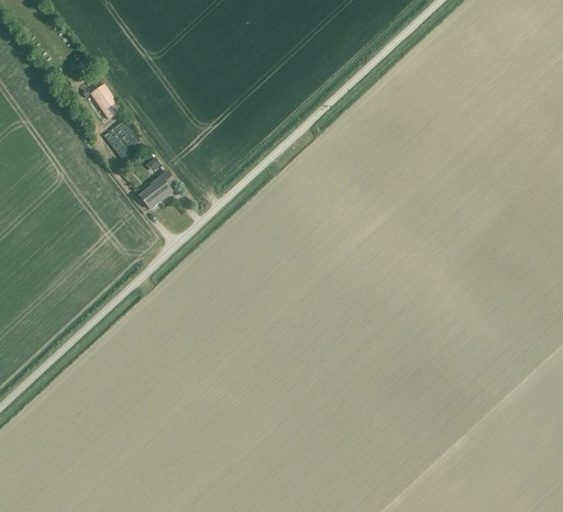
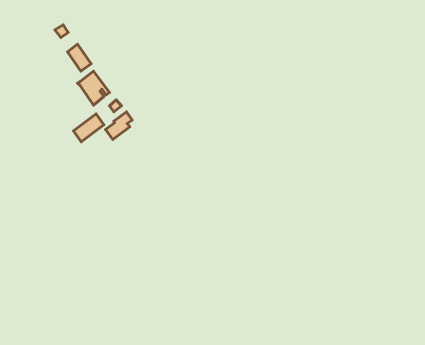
building: none -> [74,114,104,142]

